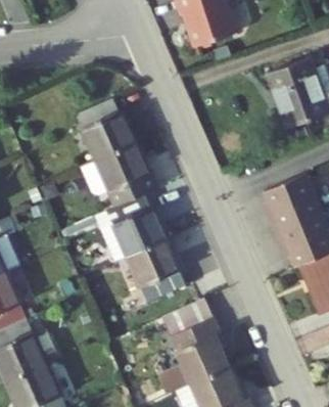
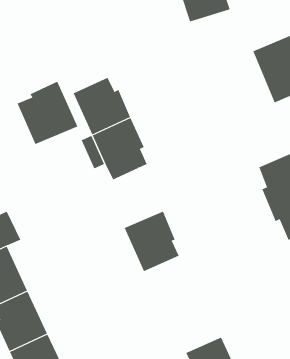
building: none -> [17,81,78,145]
building: [107,195,169,257] -> none
building: [160,300,228,385] -> none

